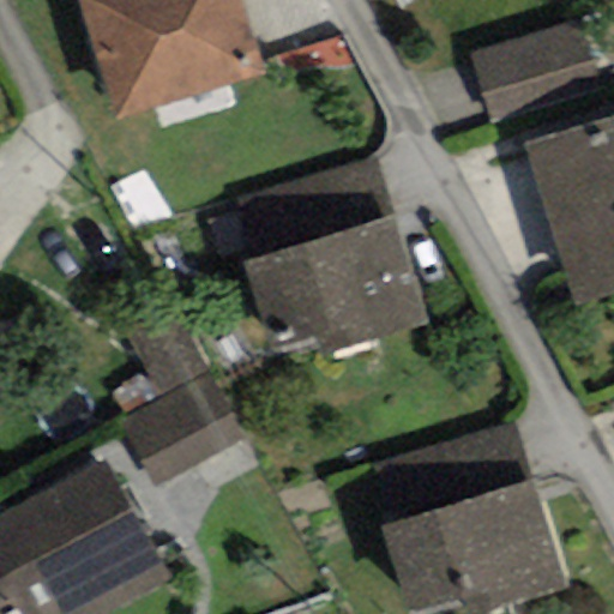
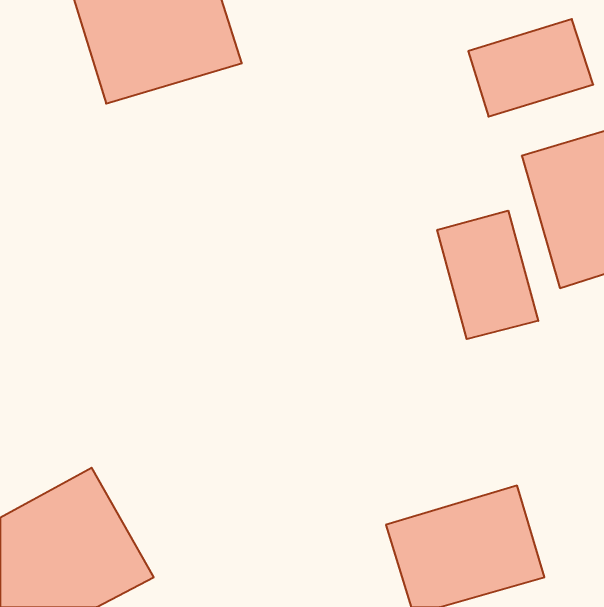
building: none -> [437,211,538,339]
building: [245,224,411,354] -> none
building: [134,312,255,483] -> none

